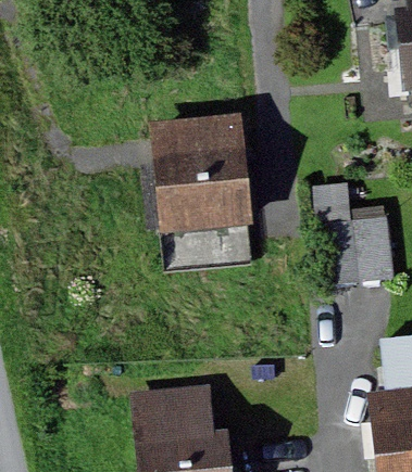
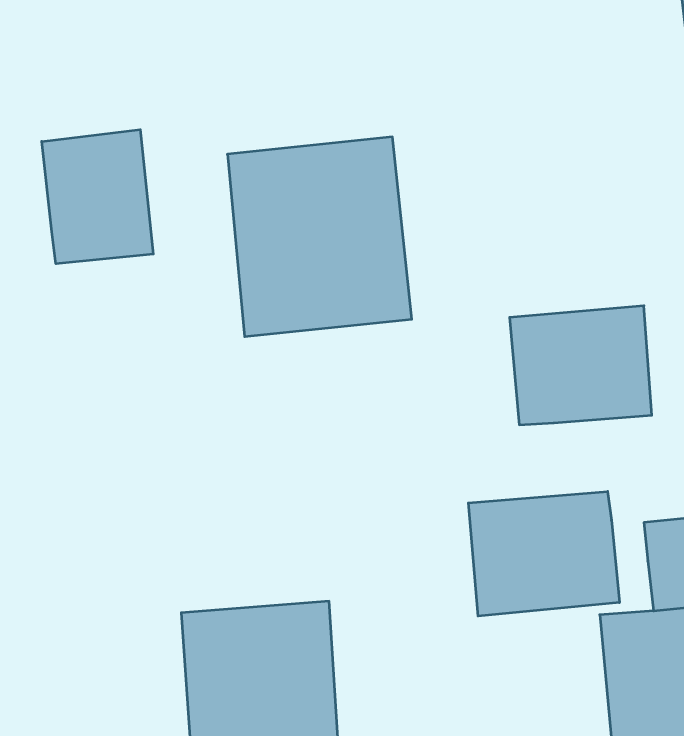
building: none -> [42,130,153,264]
building: none -> [468,491,619,616]

